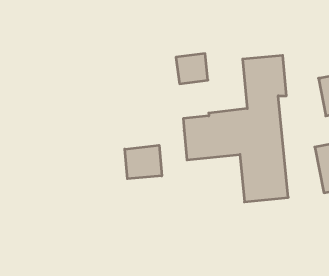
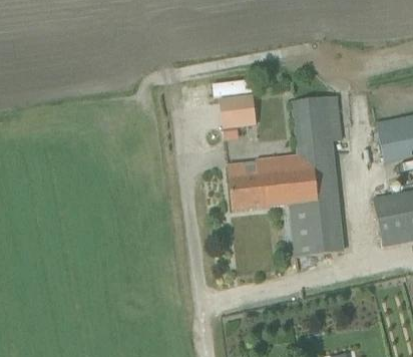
building: [125,145,162,179] -> none

